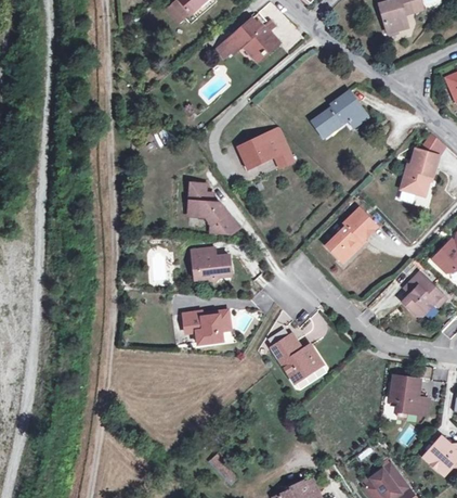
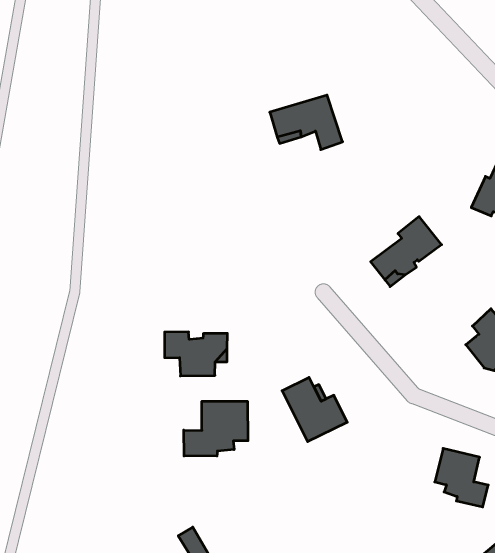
building: [313,92,367,137] -> none
building: [188,183,237,232] -> none
building: [192,248,230,283] -> none
building: none -> [184,401,248,456]

